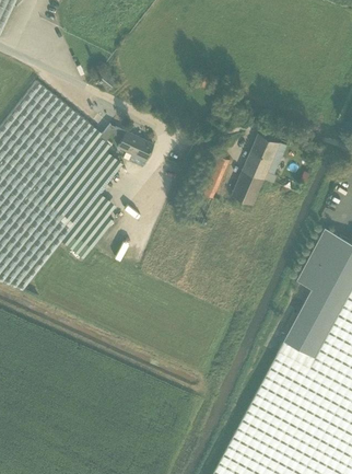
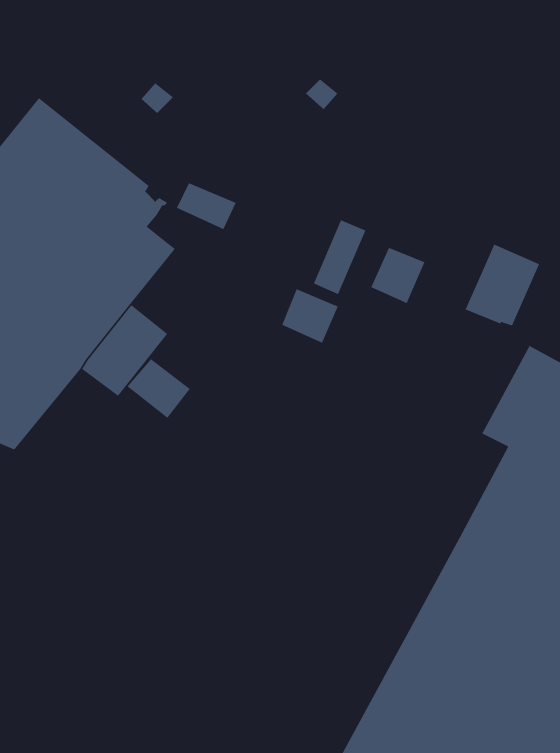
building: [243,131,288,181] -> [464,243,540,327]
building: none -> [281,288,339,344]
building: none -> [127,358,191,419]

